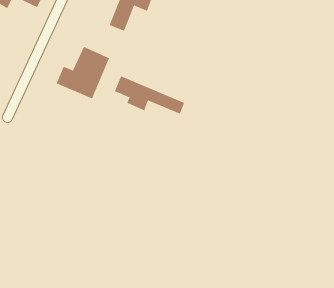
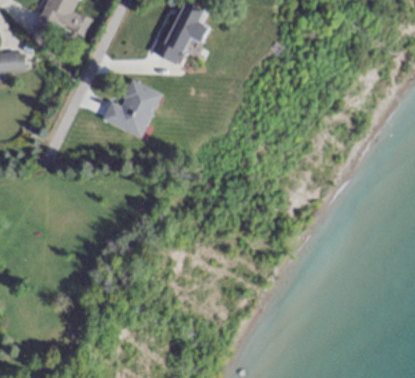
building: [114,76,185,115] -> none

